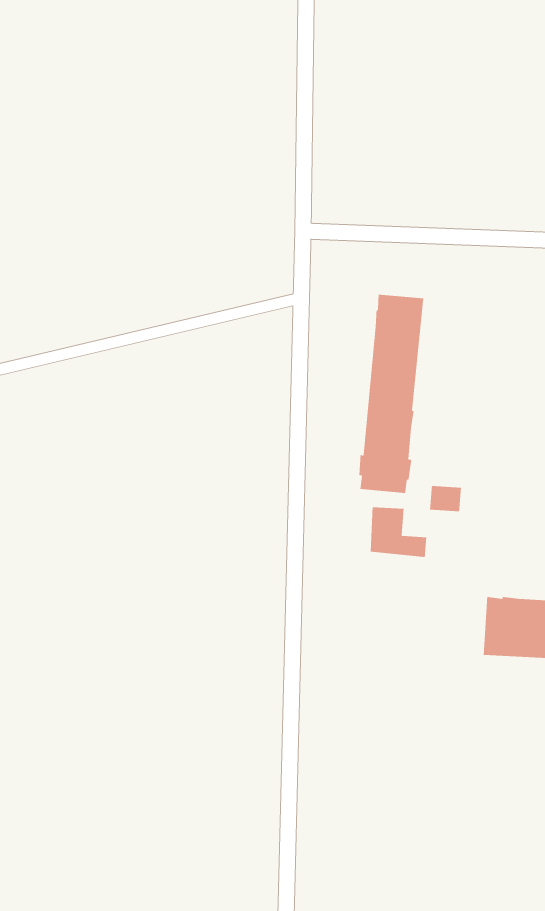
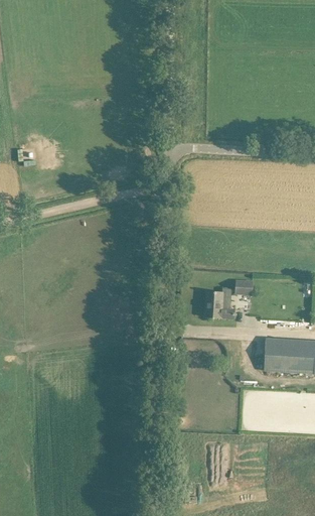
building: [358,294,424,494] -> none

